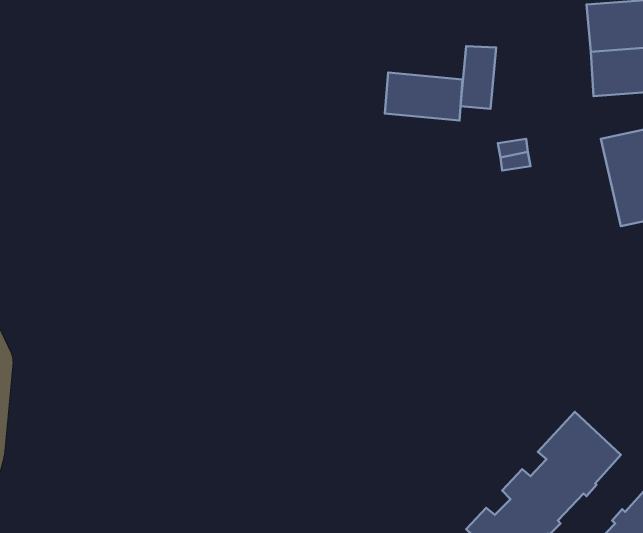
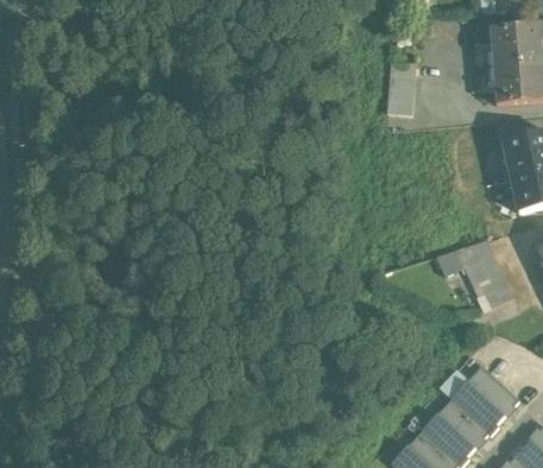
building: [385,73,463,120] -> none
building: none -> [456,240,511,310]

